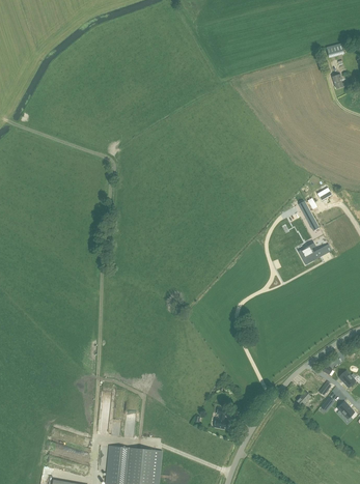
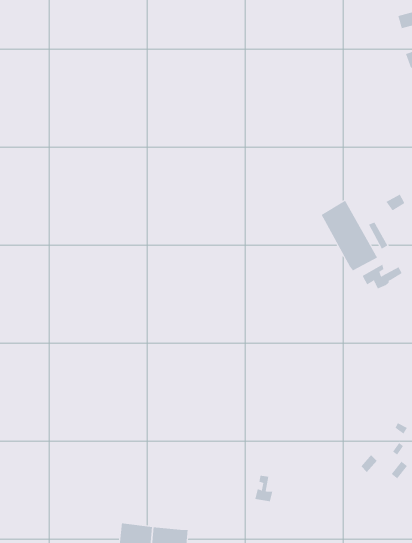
building: none -> [321,200,378,271]

